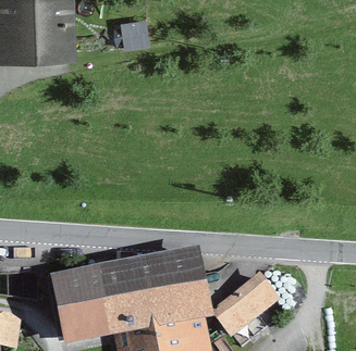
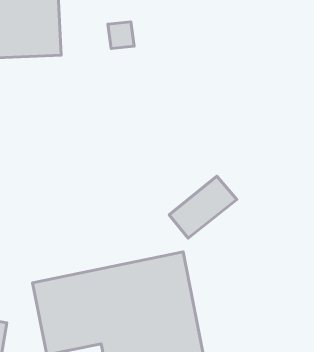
building: [212,276,279,337] -> [169,176,237,238]

